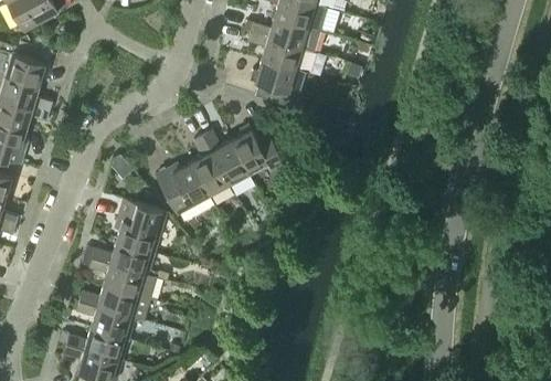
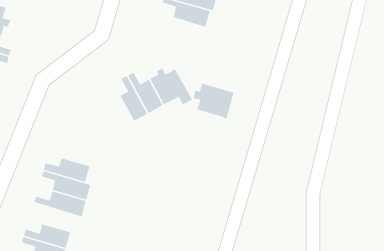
building: [248,60,304,108] -> [192,82,235,120]
building: [155,161,210,214] -> none
building: [113,207,160,253] -> none
building: [76,300,142,339] -> none

